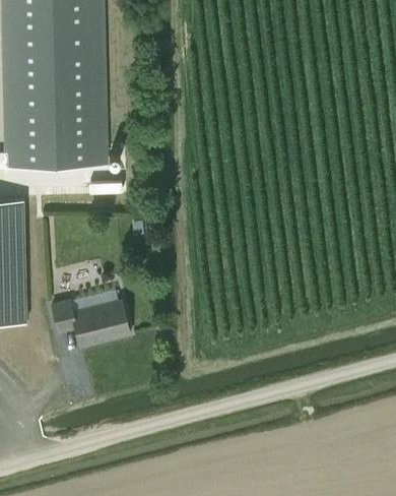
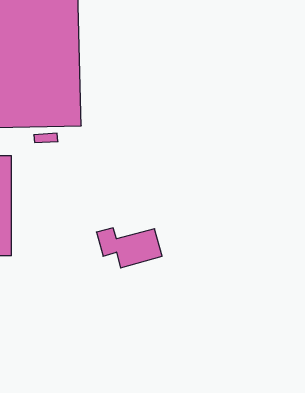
building: [49,300,129,349] -> [96,228,162,268]

